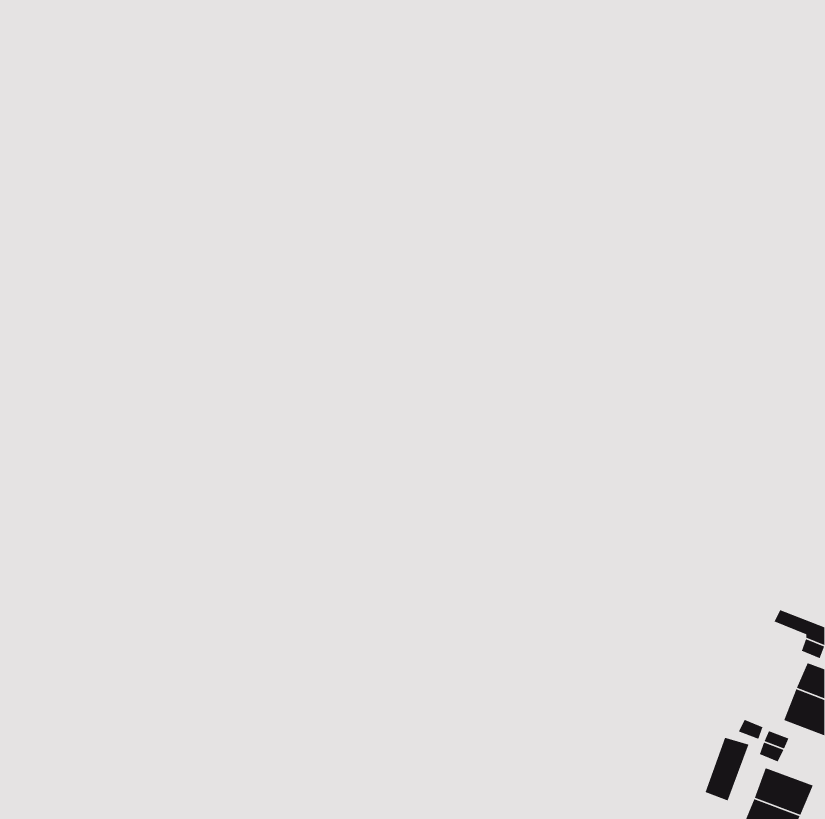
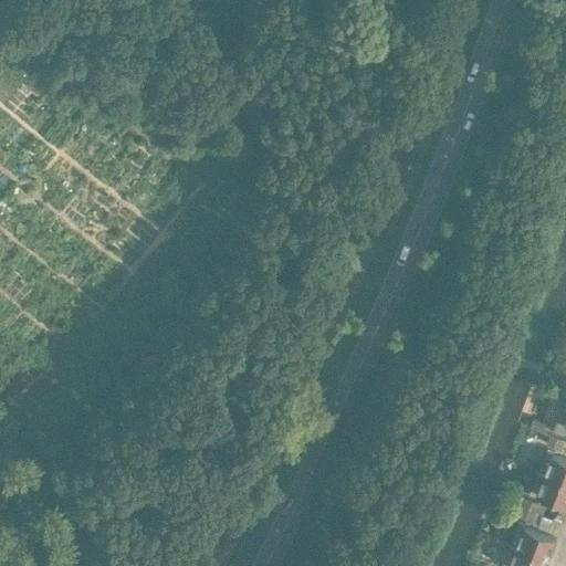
building: [704,737,749,801] -> none

